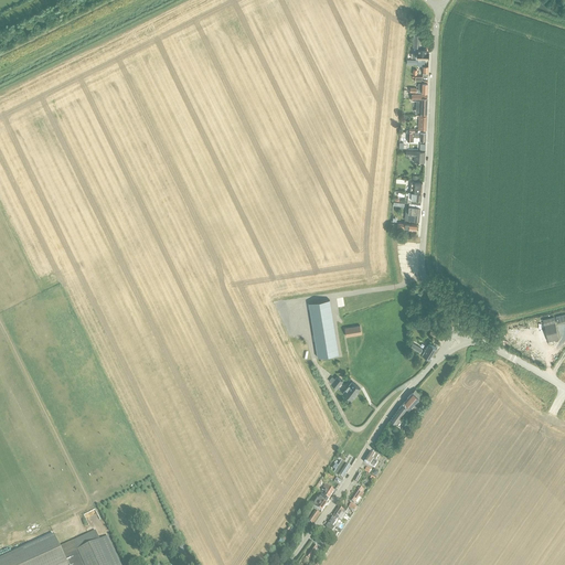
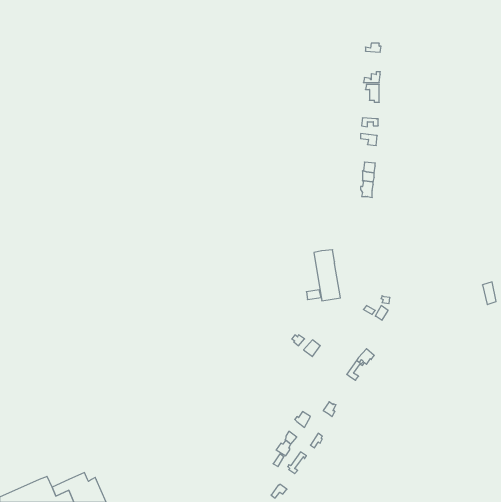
building: [308,300,338,358] -> [314,250,340,301]

